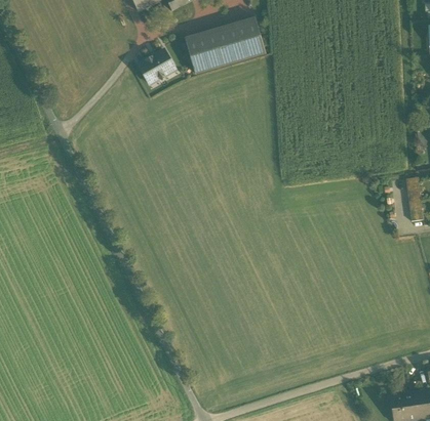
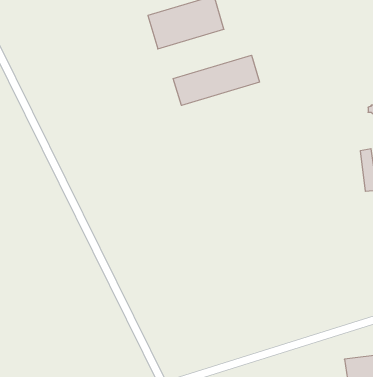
building: [139,50,175,82] -> none
building: none -> [173,55,260,105]

